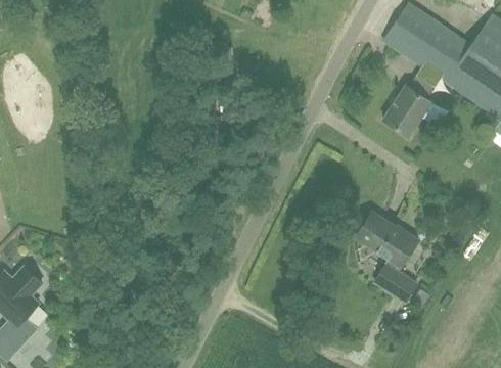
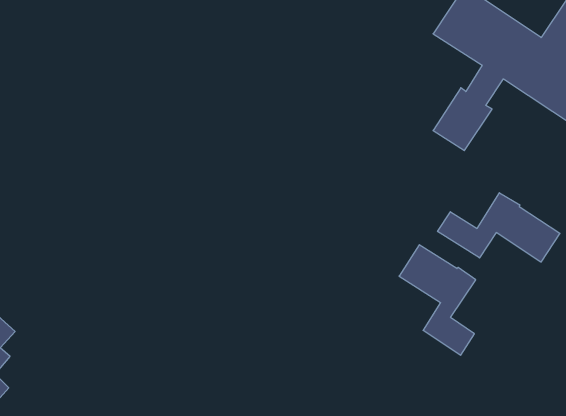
building: none -> [438,193,560,262]

